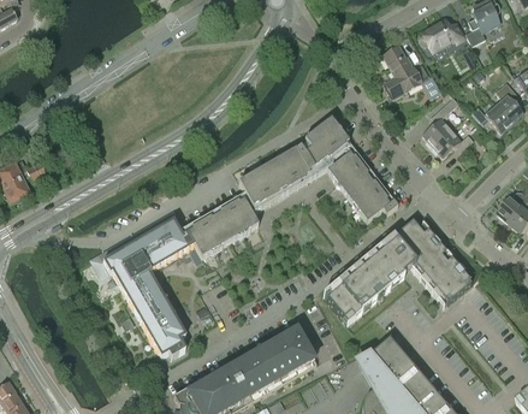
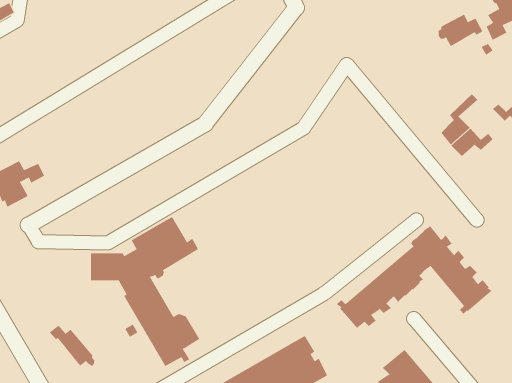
building: [384,45,429,96] -> none
building: [186,117,348,256] -> none
building: [326,150,397,220] -> none
building: none -> [49,325,95,366]

